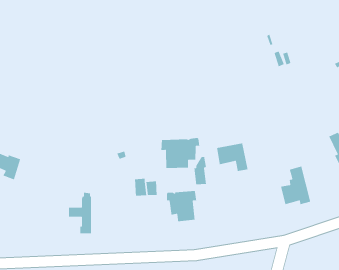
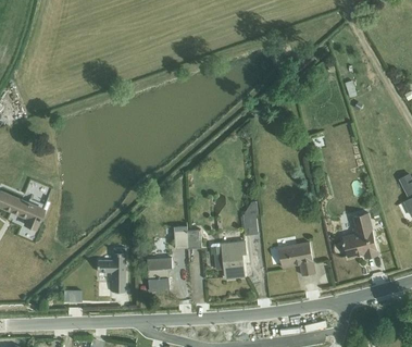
building: [160,137,200,169] -> none
building: [216,143,248,172] -> [278,241,315,275]
building: none -> [147,257,172,290]

